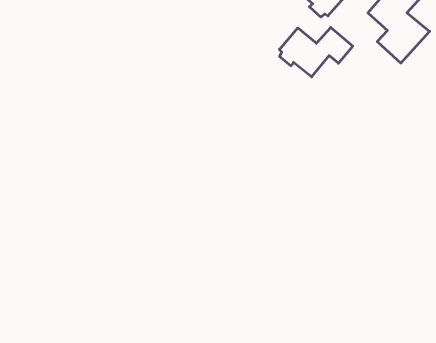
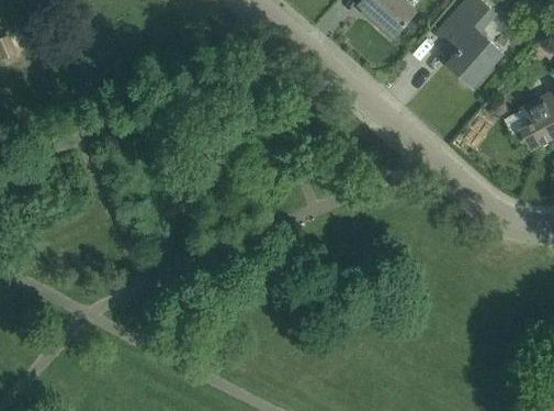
building: [279,27,353,77] -> none

